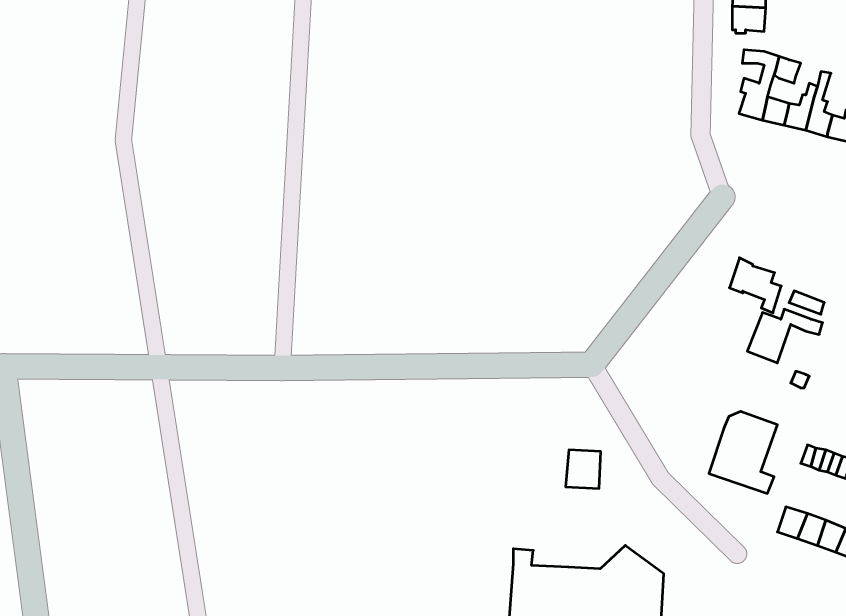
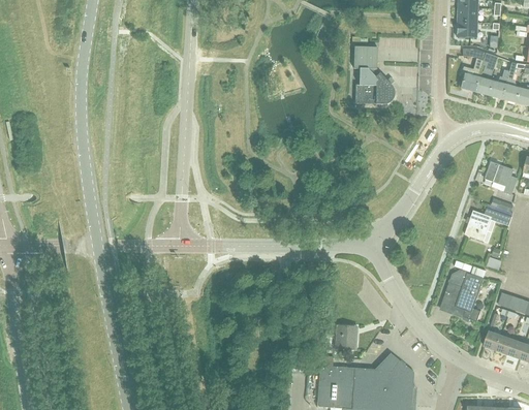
building: none -> [352,45,394,103]
building: [729,258,781,313] -> [486,160,518,194]
building: [566,450,601,488] -> [335,324,356,348]

